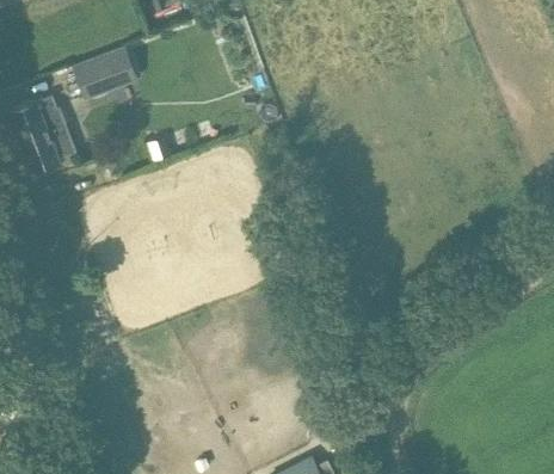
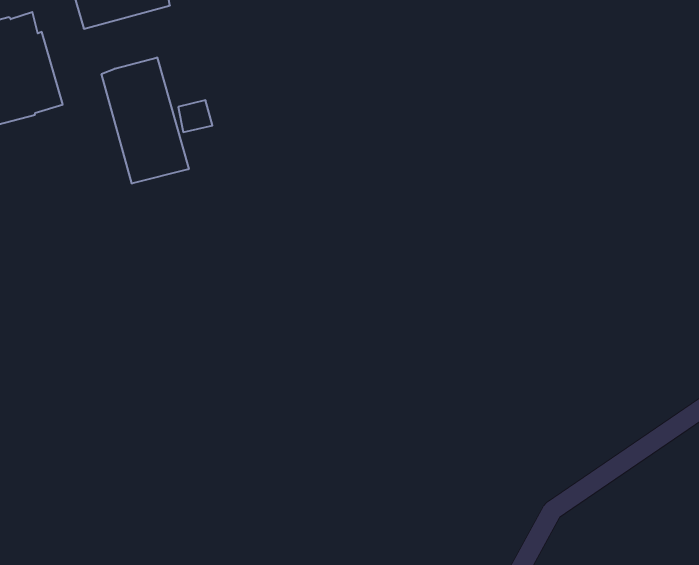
building: none -> [102,57,189,184]

